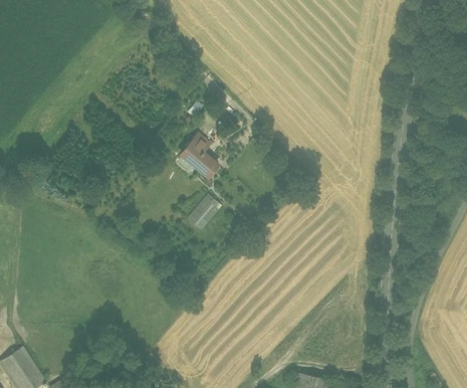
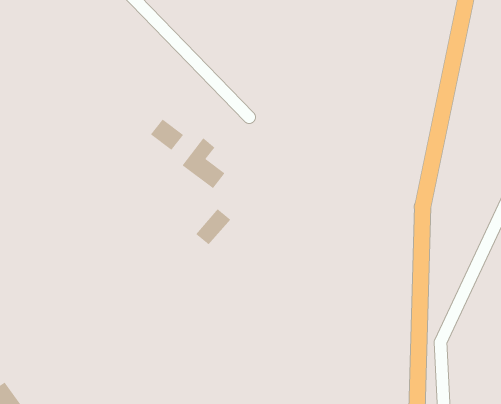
building: none -> [150,118,184,151]

